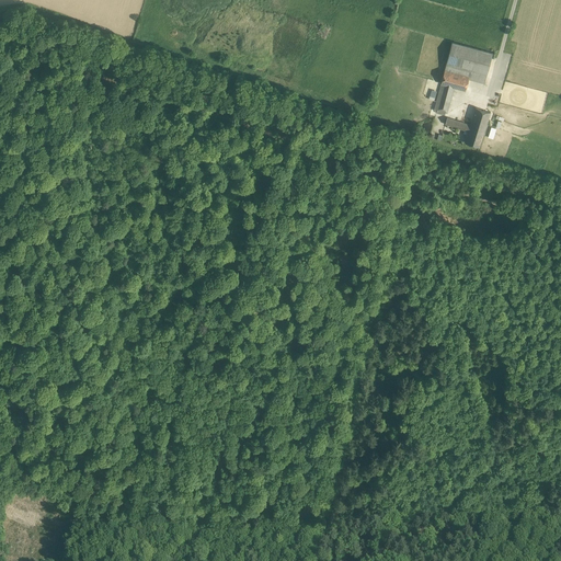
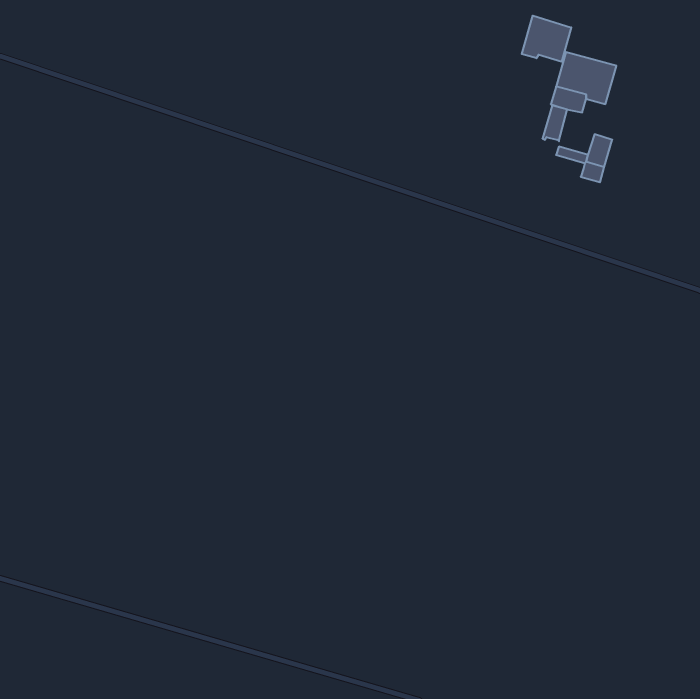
building: none -> [522,16,571,62]

